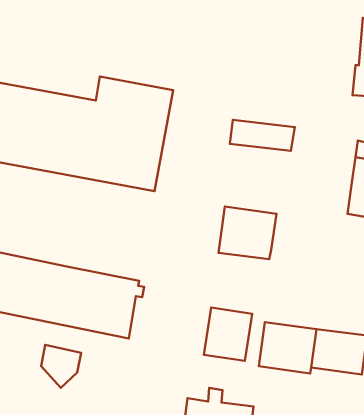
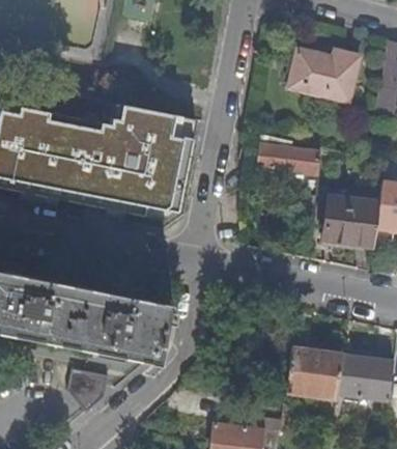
building: none -> [288,49,359,102]
building: [219,207,276,259] -> [320,194,378,247]
building: [204,307,252,361] -> none

